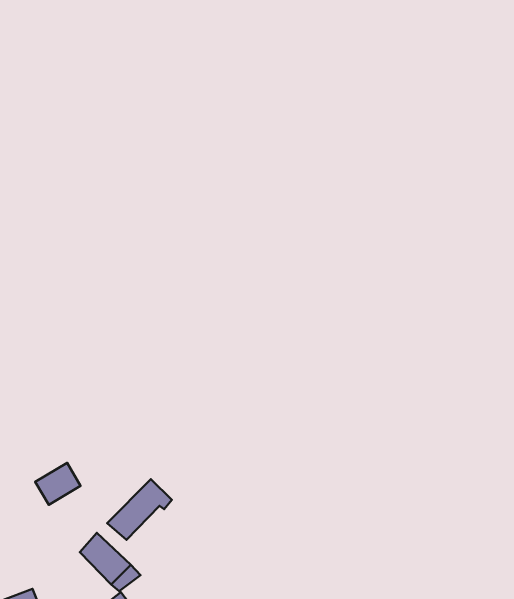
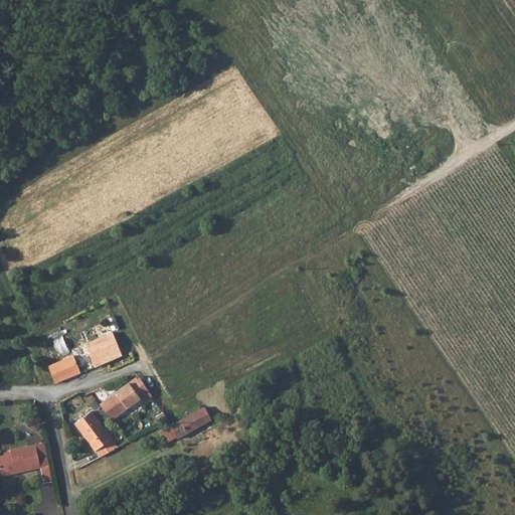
building: none -> [85,333,122,367]
building: none -> [170,407,211,439]

